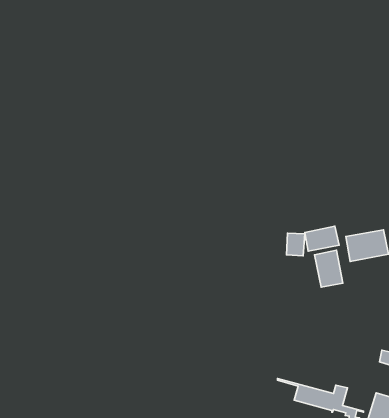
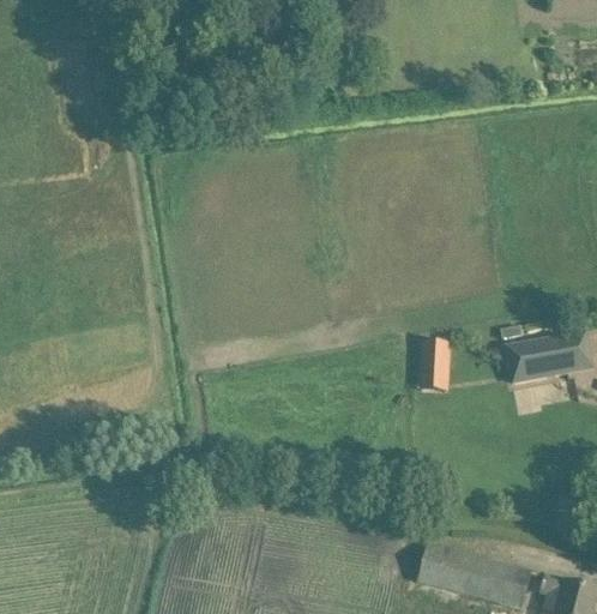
building: [305,226,339,251] -> none
building: [314,250,343,287] -> none

